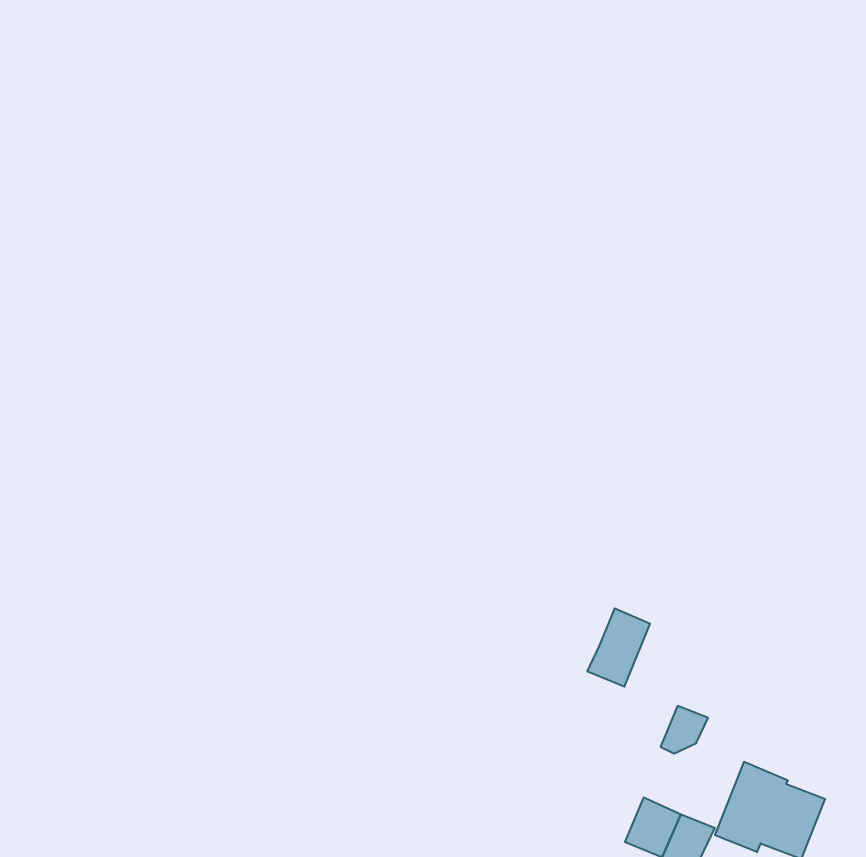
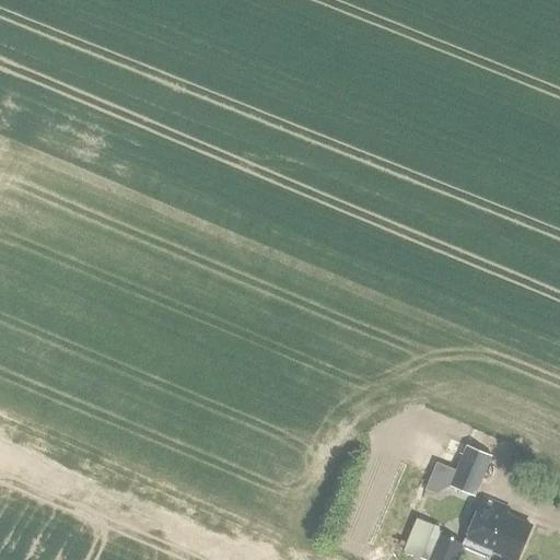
building: [587,608,650,687] -> [450,445,490,495]

